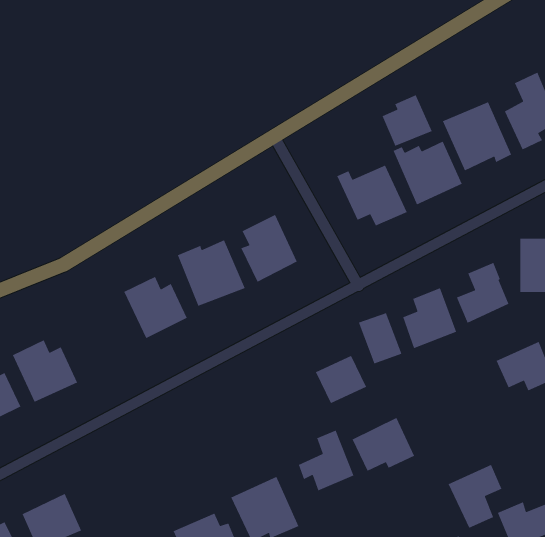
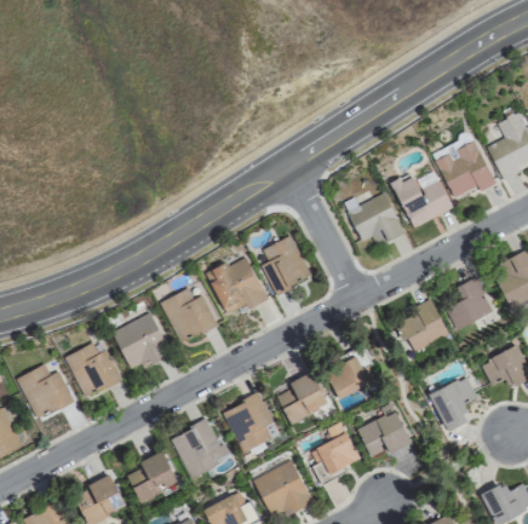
building: [382,94,433,147] -> none
building: none -> [113,313,171,368]
building: [358,312,402,364] -> none
building: none -> [277,372,328,421]
building: none -> [223,392,281,454]
building: none -> [171,419,226,478]
building: [448,464,503,529] -> [430,375,477,431]
building: none -> [127,450,178,501]

